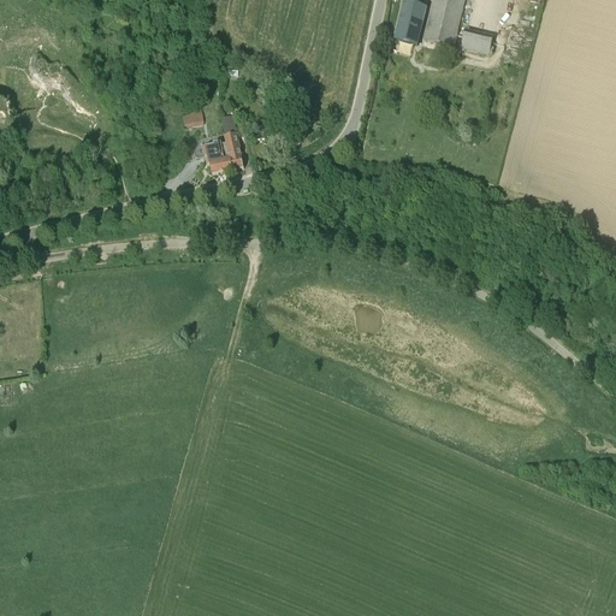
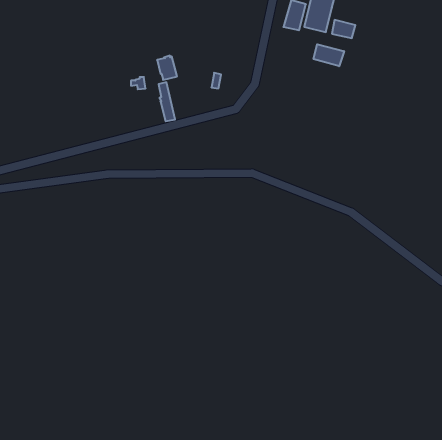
building: none -> [314,44,344,66]
building: [202,140,230,173] -> [157,56,177,80]

